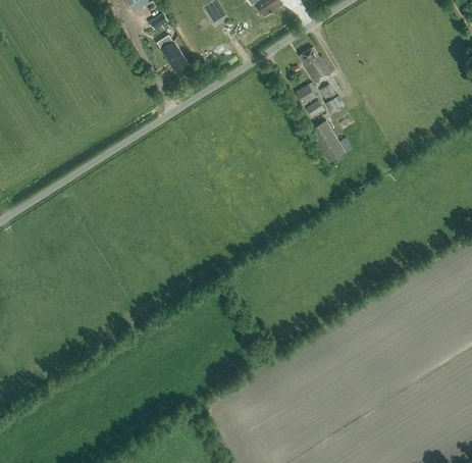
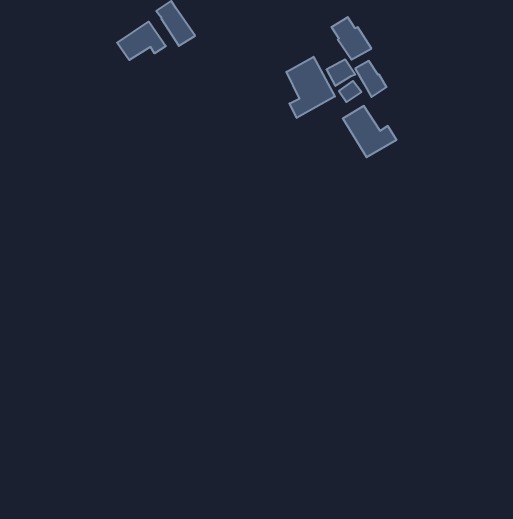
building: none -> [117,22,166,60]
building: none -> [286,57,335,118]

